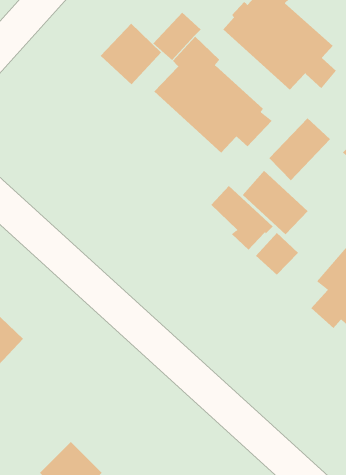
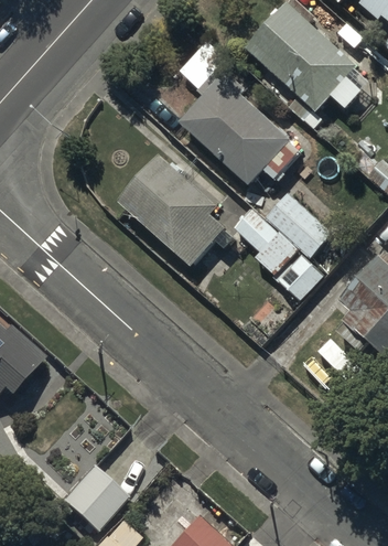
building: [100,23,162,85] -> none
building: [268,118,331,181] -> none
building: none -> [118,156,231,265]

